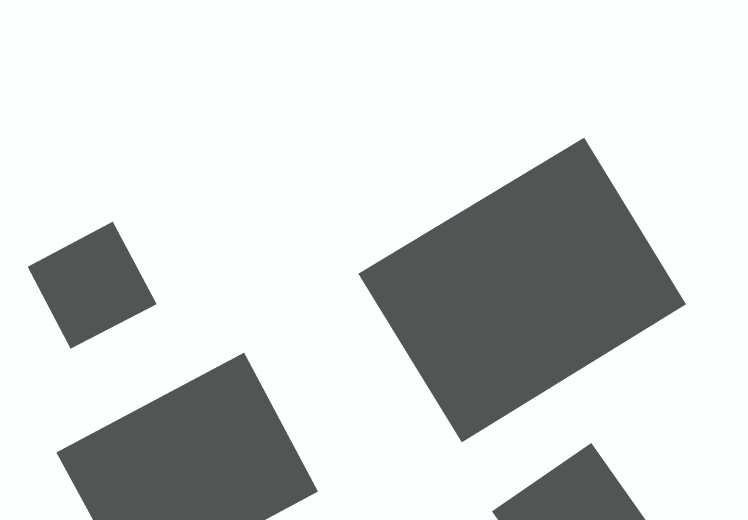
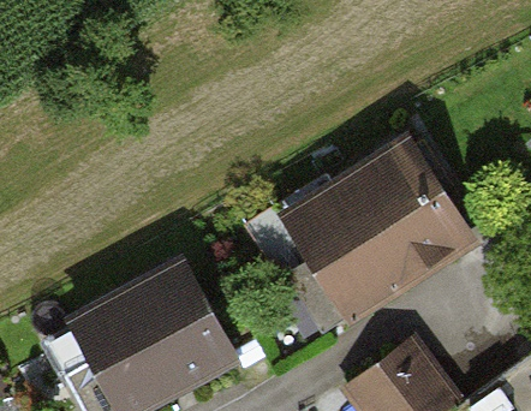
building: [27,220,158,350] -> none

